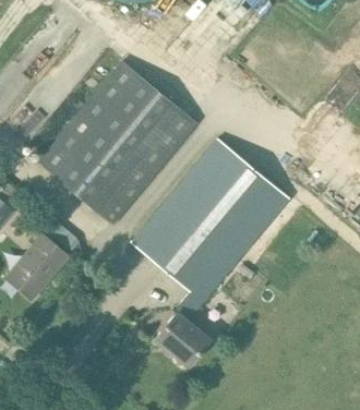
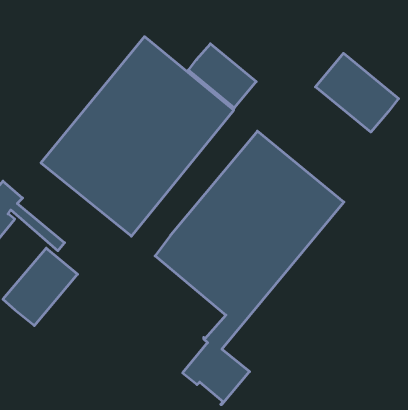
building: none -> [188,44,256,108]
building: none -> [315,53,399,132]

